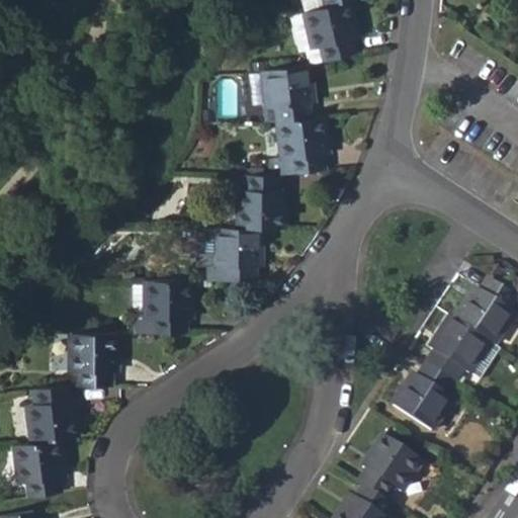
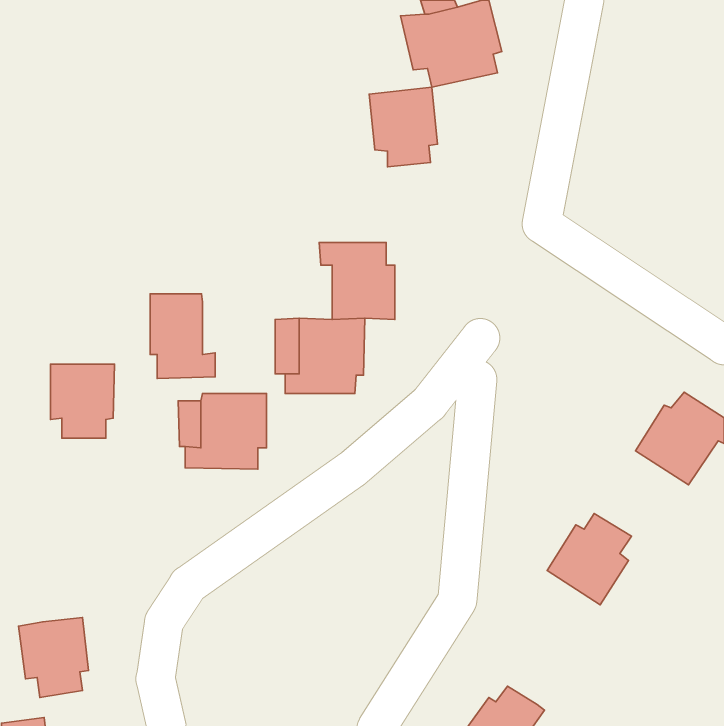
building: [274,115,326,174] -> none
building: none -> [150,294,215,378]
building: [422,319,494,382] -> none
building: [69,334,114,386] -> [50,364,115,438]
building: [26,386,77,443] -> none
building: [355,437,417,502] -> none

